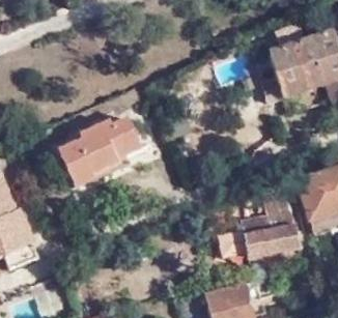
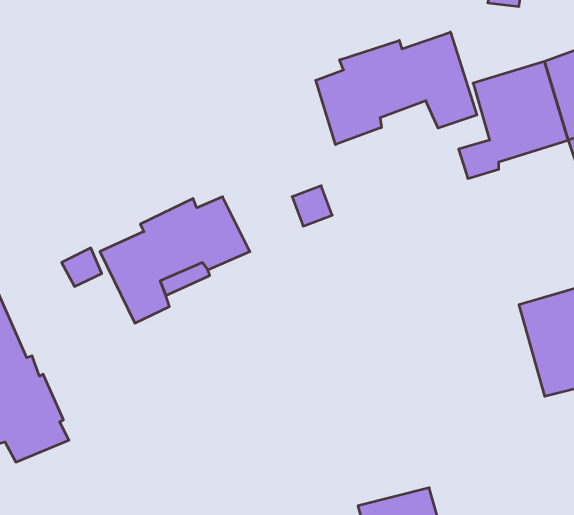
building: none -> [316,32,477,145]
building: [218,183,300,256] -> none

